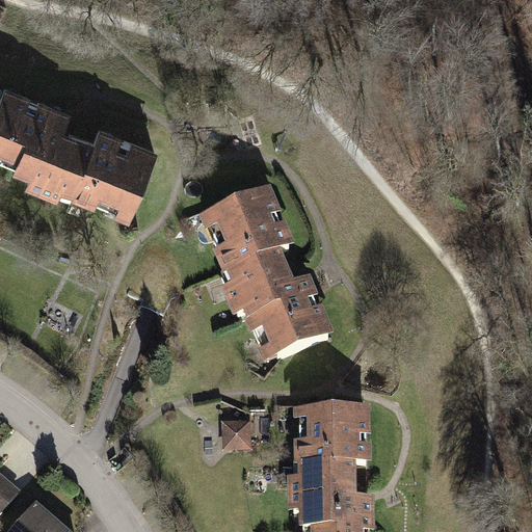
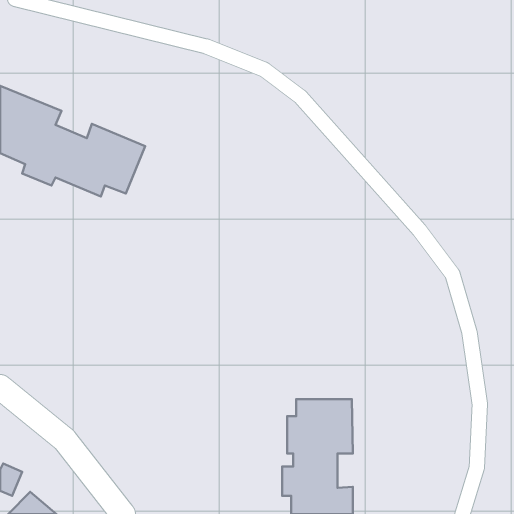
building: [209,194,322,355] -> none
building: [225,419,257,451] -> none

